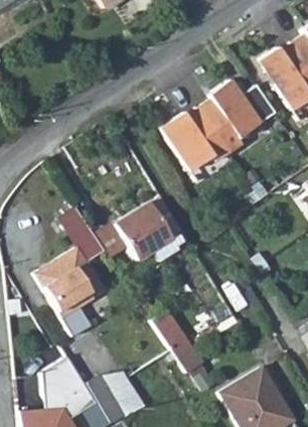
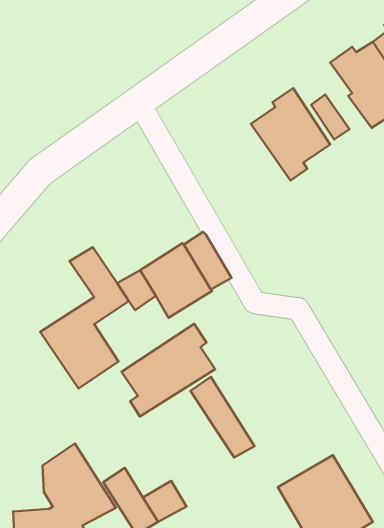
building: [161,107,229,170] -> none
building: none -> [122,324,215,417]

